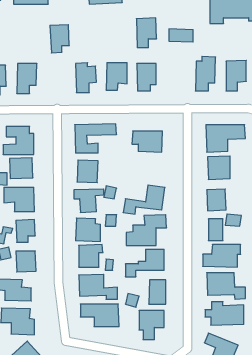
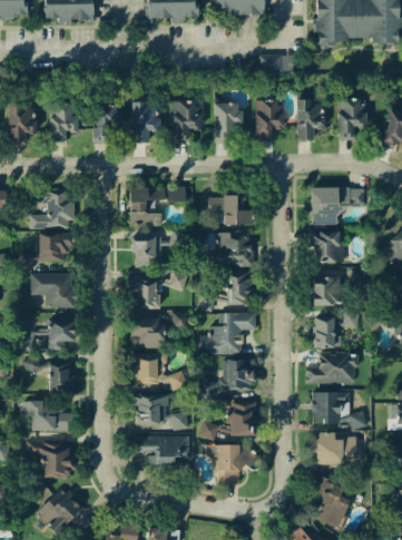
building: [136,18,157,48] -> [255,99,283,140]
building: [50,25,69,53] -> [94,105,120,144]
building: none -> [207,230,252,266]

